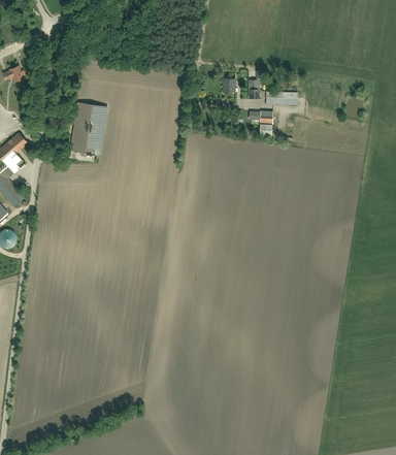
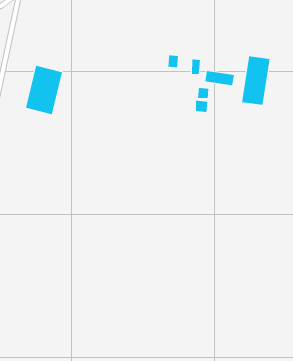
building: none -> [241,56,270,106]

